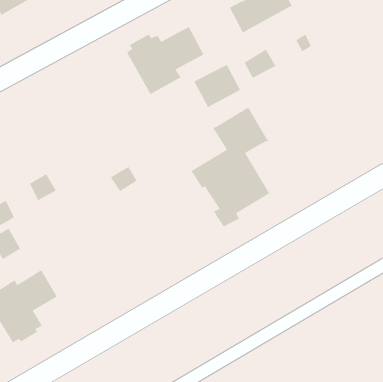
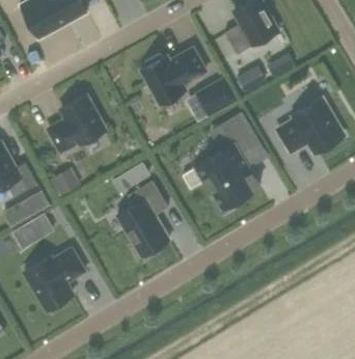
building: none -> [48,95,105,151]
building: none -> [276,99,342,151]
building: none -> [117,181,169,256]

